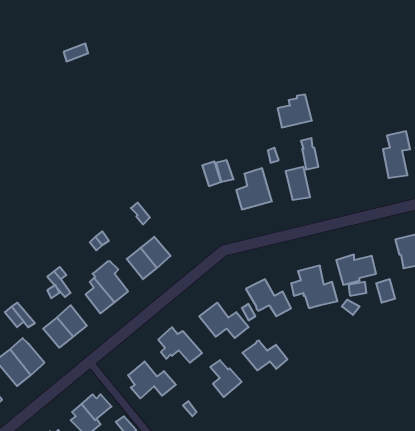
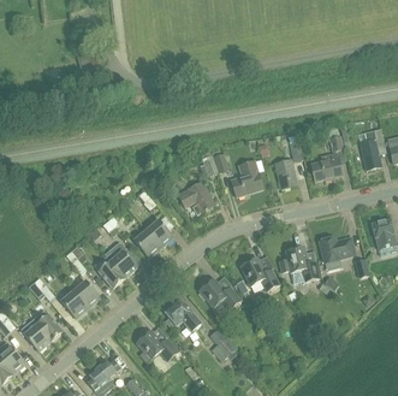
building: [278,95,312,127] -> [311,152,341,181]
building: none -> [177,181,214,214]
building: [242,340,287,370] -> none

